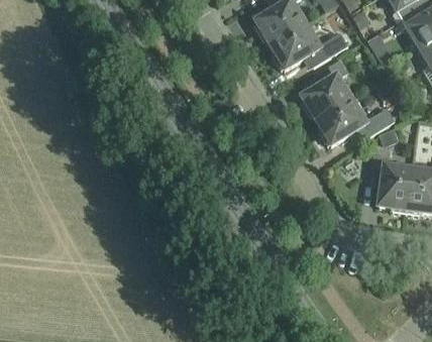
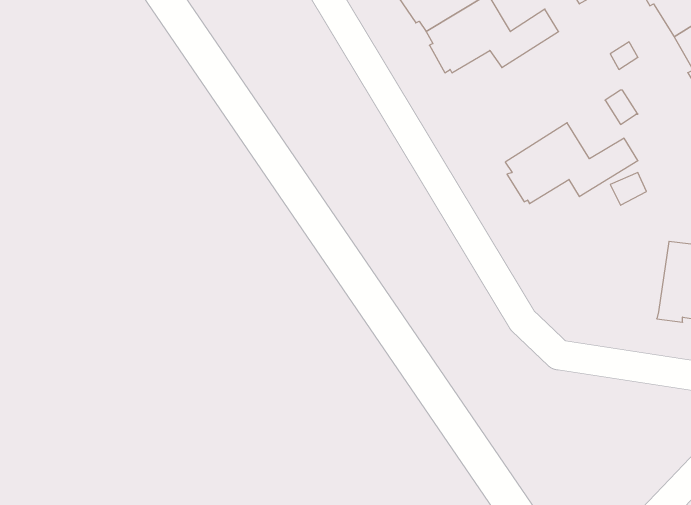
building: [301,59,353,120] -> none
building: [370,152,413,212] -> none

